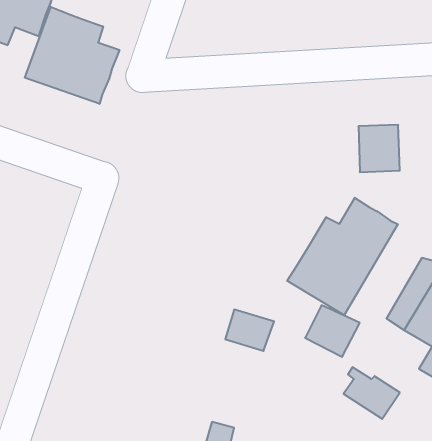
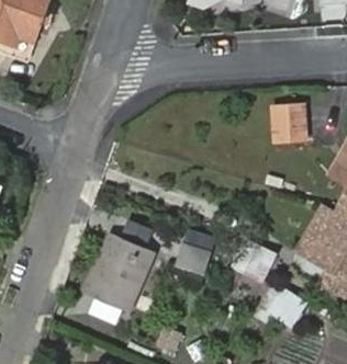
building: [25,7,119,104] -> none
building: [287,198,398,315] -> none
building: none -> [85,232,154,310]

